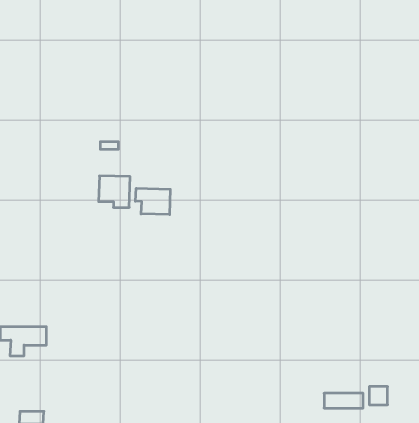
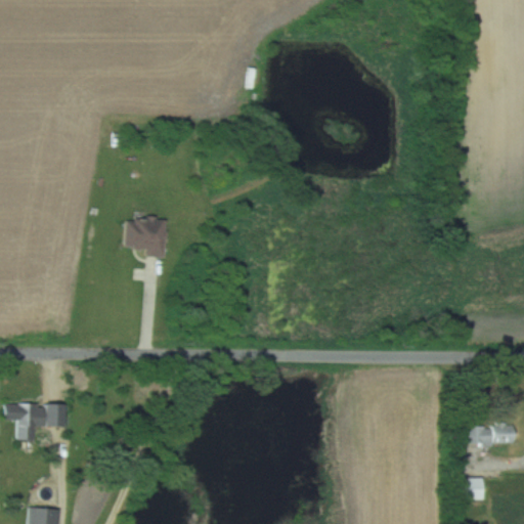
building: [135,188,170,215] -> none
building: [324,393,363,408] -> [468,426,516,444]

